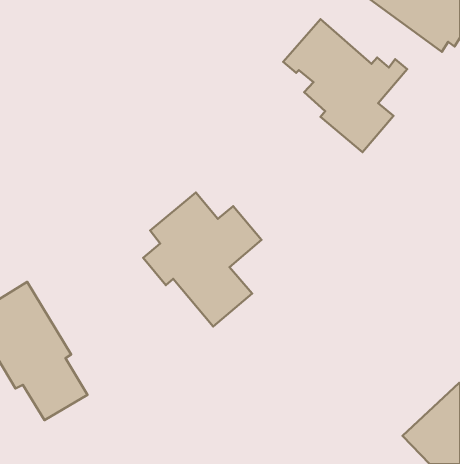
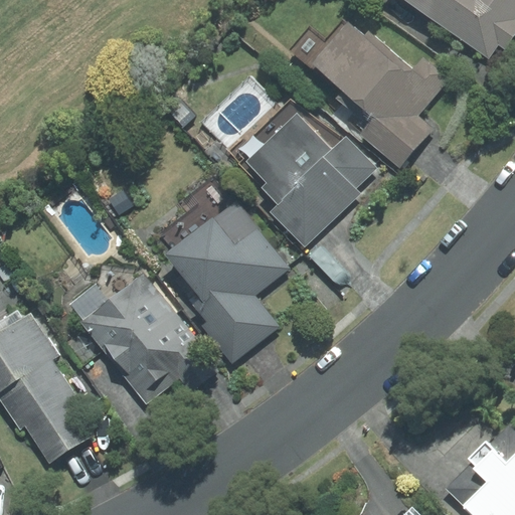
building: none -> [247,115,377,242]
building: none -> [80,273,217,397]

